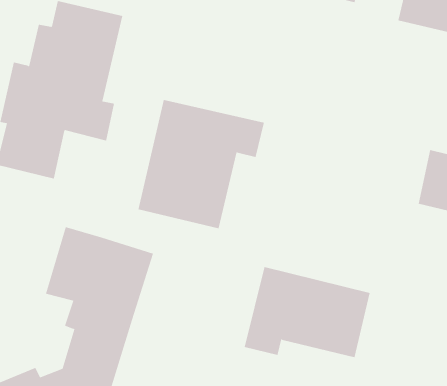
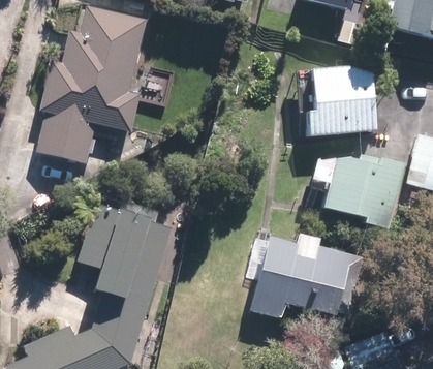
building: none -> [307,68,378,135]
building: [138,99,264,229] -> none
building: none -> [320,150,404,227]

